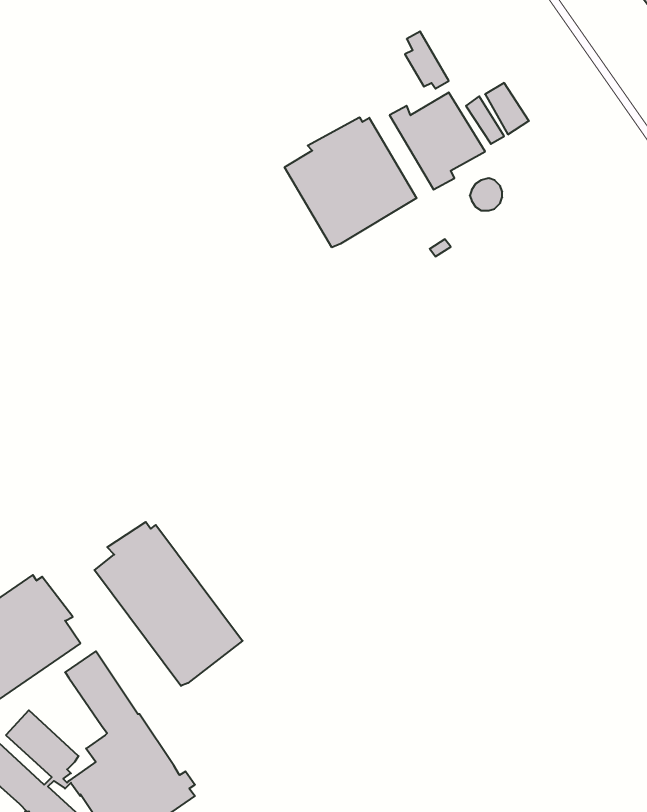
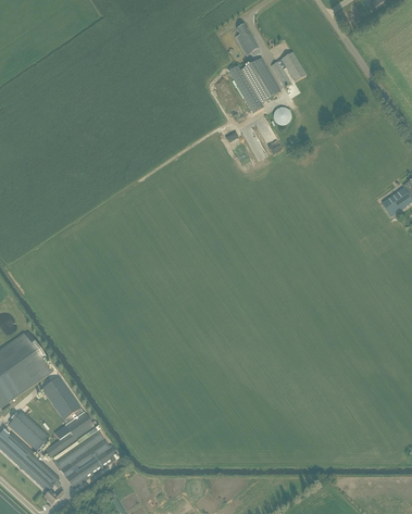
building: [285,117,417,247] -> none
building: [94,522,243,686] -> none

